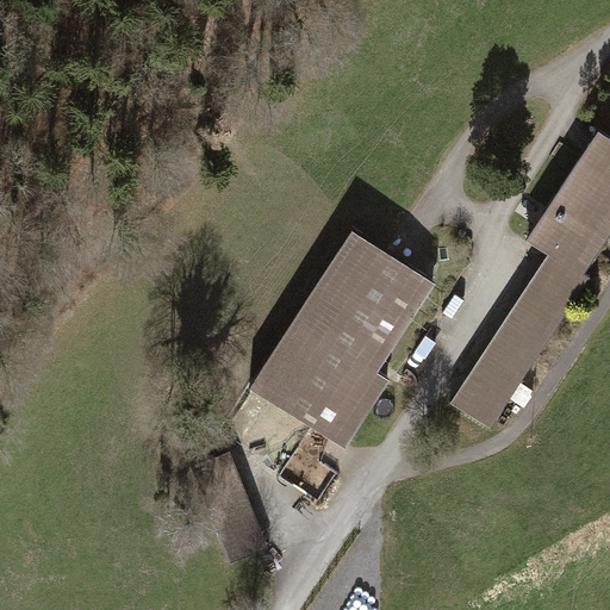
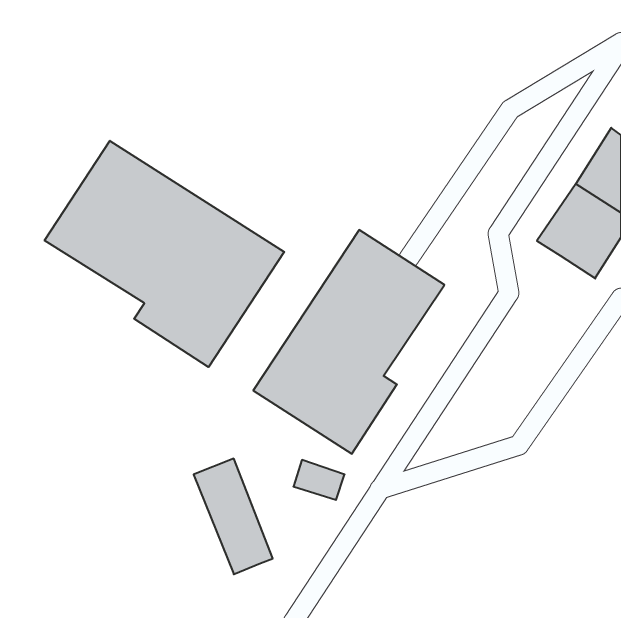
building: none -> [45,141,284,367]
building: [450,254,589,430] -> none

